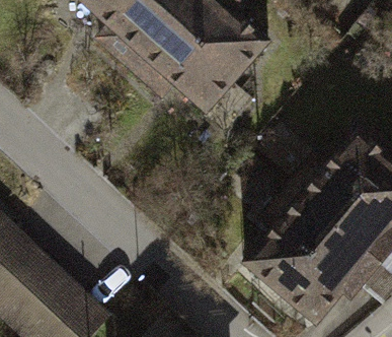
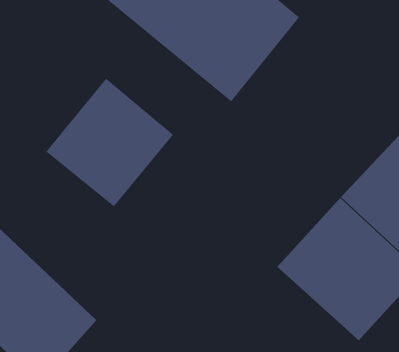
building: none -> [45,78,174,207]

